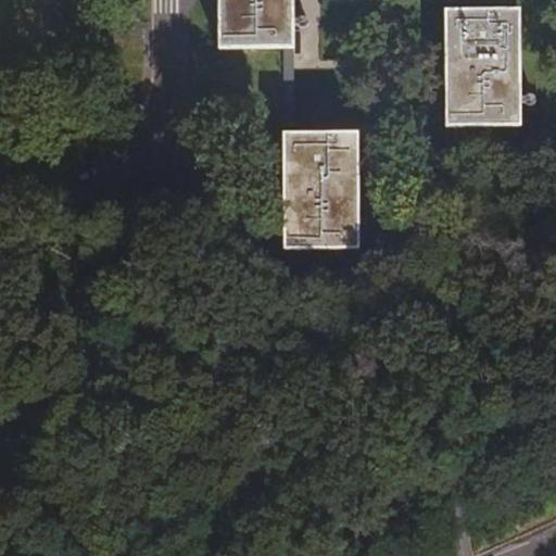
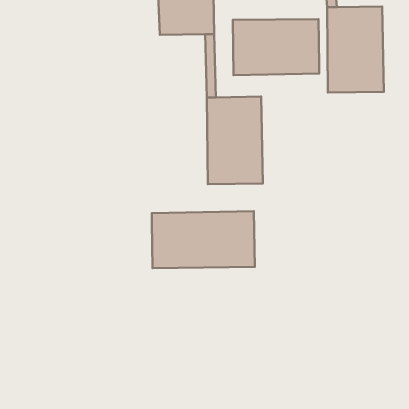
building: none -> [233,19,319,75]
building: none -> [152,211,255,268]

